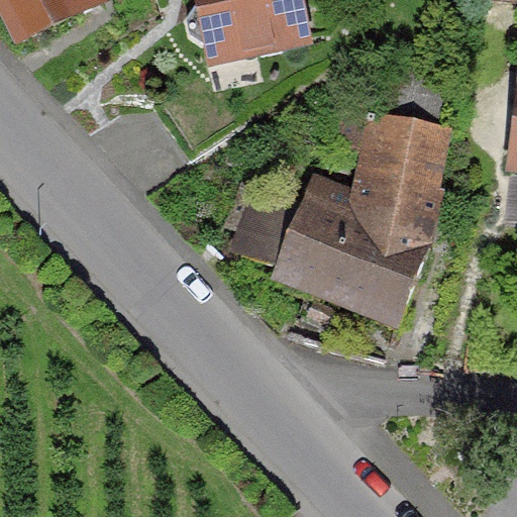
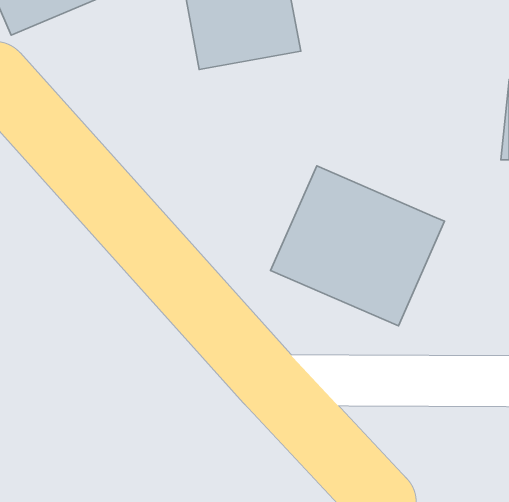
building: [353,99,449,217] -> none

